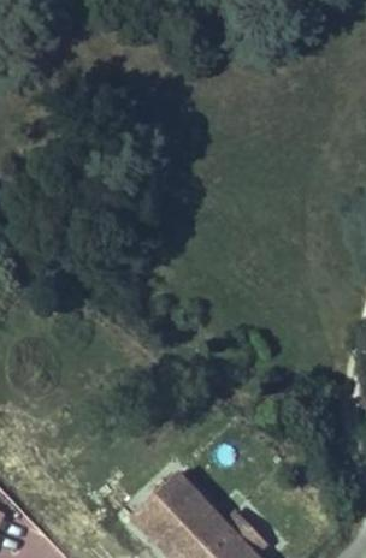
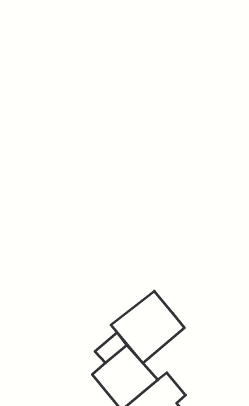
building: none -> [111,291,184,363]

